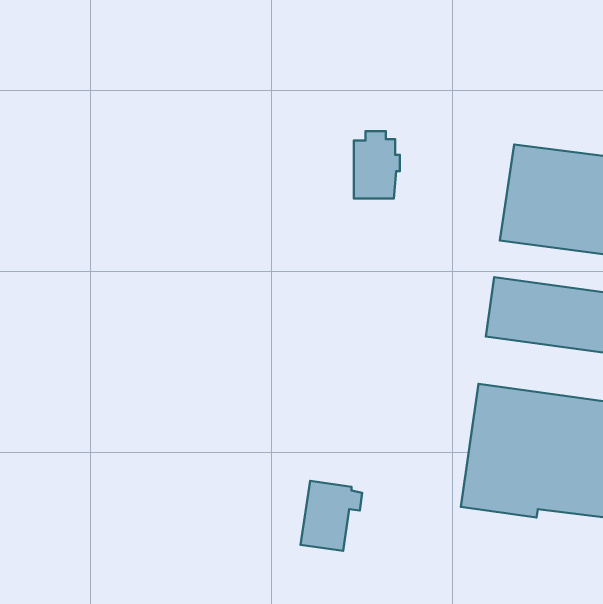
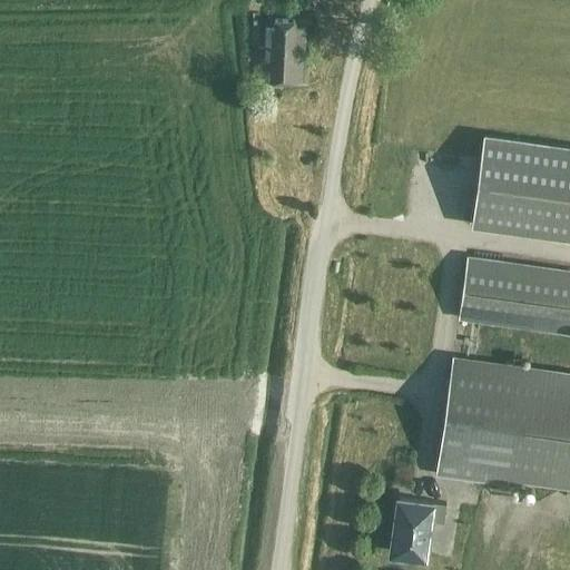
building: [354,131,400,199] -> [264,20,307,83]
building: [301,481,362,551] -> [390,493,448,559]

